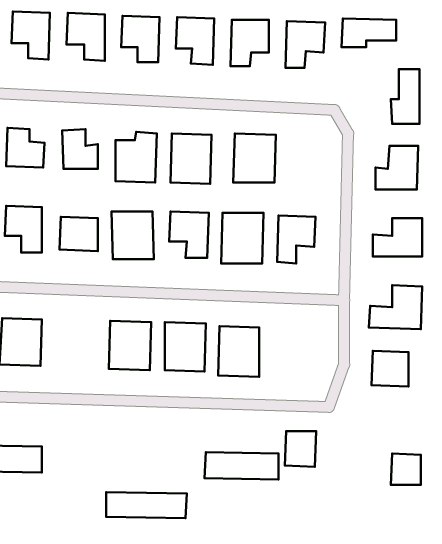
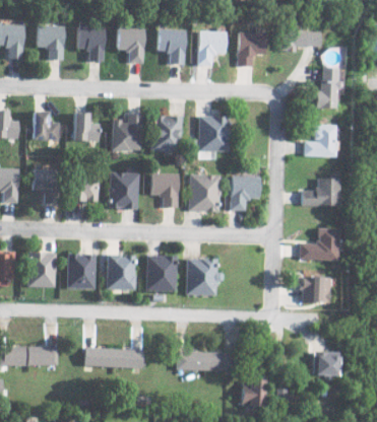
building: none -> [66,253,97,289]
building: [285,431,316,467] -> [243,379,266,406]
building: [106,492,187,518] -> [84,348,144,367]

